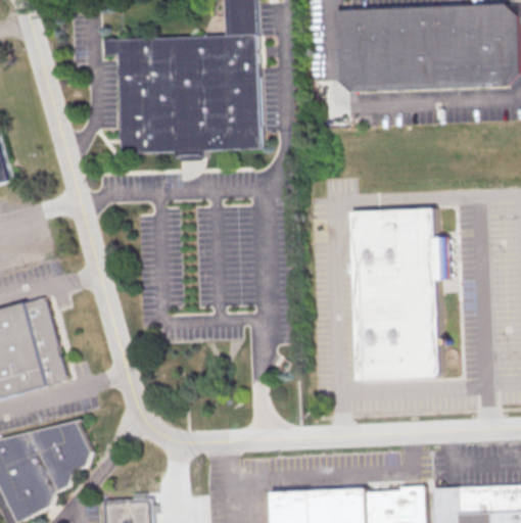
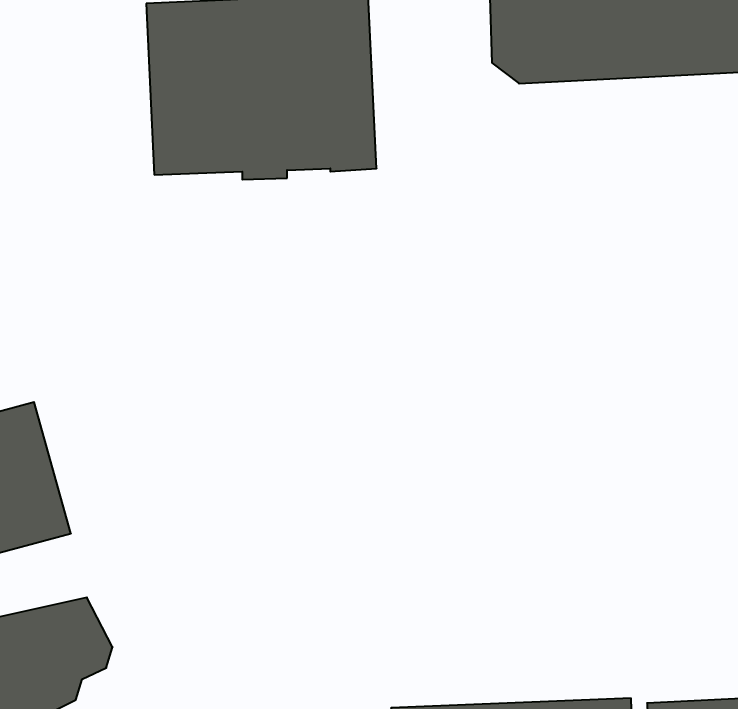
building: [349,207,448,381] -> none

